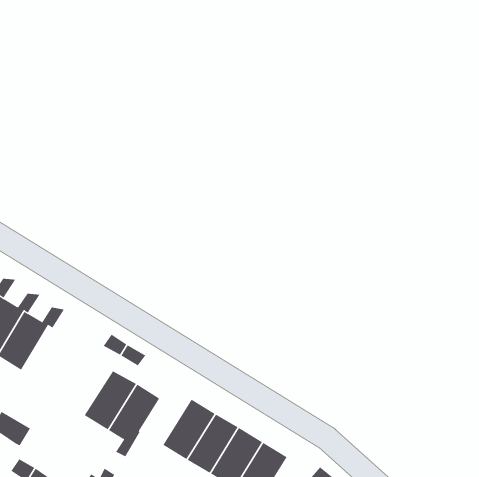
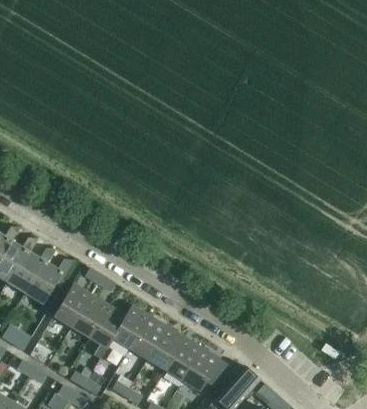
building: none -> [25,259,75,306]
building: none -> [53,284,92,328]
building: none -> [112,305,150,350]

